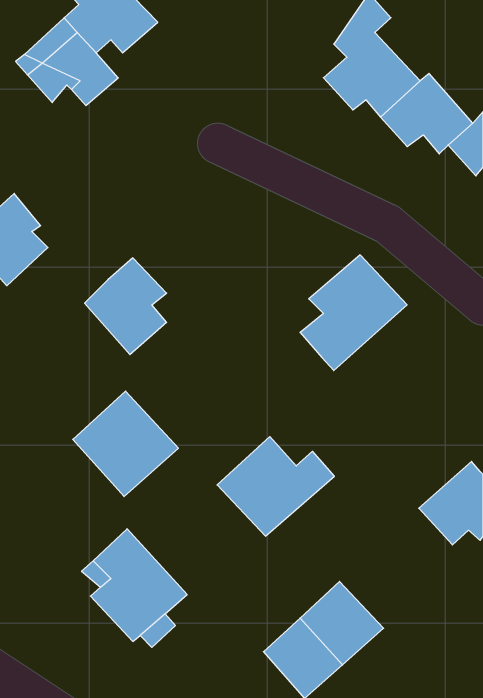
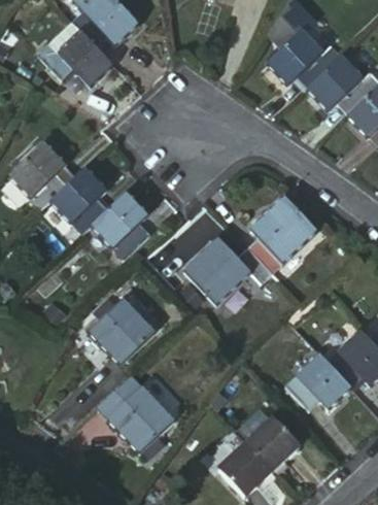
building: none -> [54,163,110,229]
building: [217,437,334,536] -> [178,231,261,301]
building: none -> [288,357,352,413]

